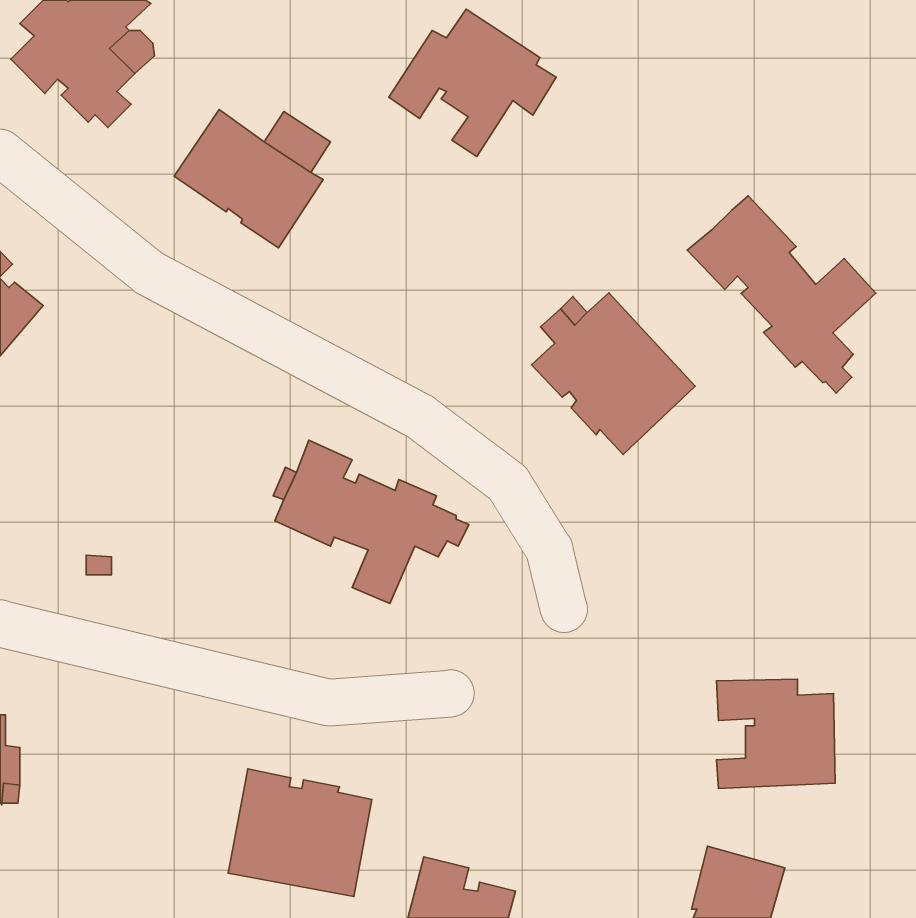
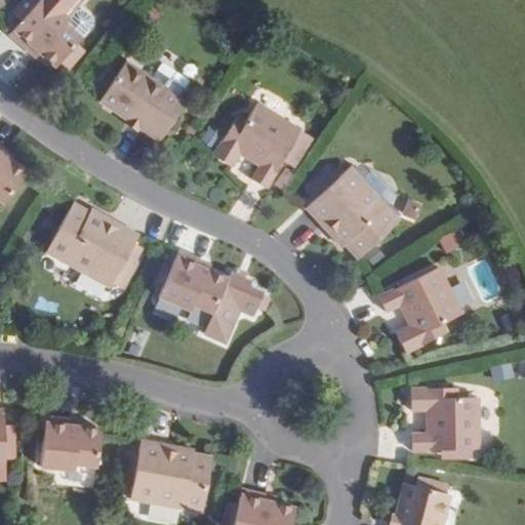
building: [389,9,556,156] -> [212,107,308,191]
building: [687,196,876,393] -> none
building: none -> [48,200,142,287]
building: none -> [377,270,460,354]
building: none -> [46,415,104,468]

